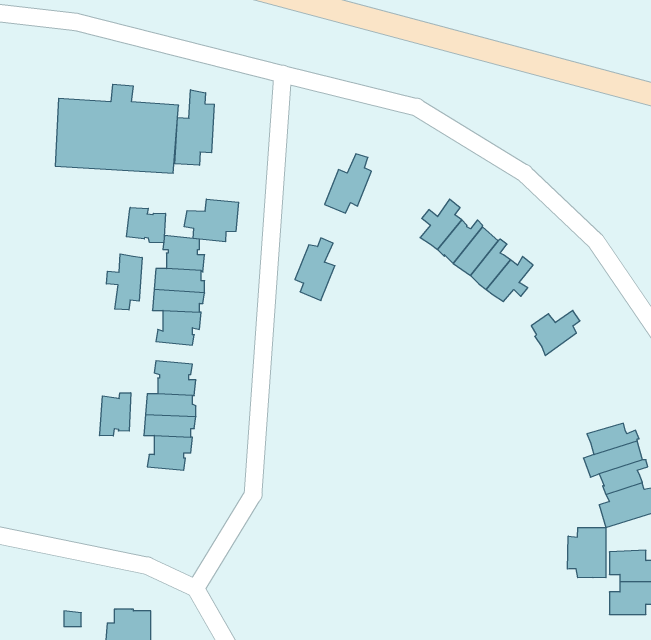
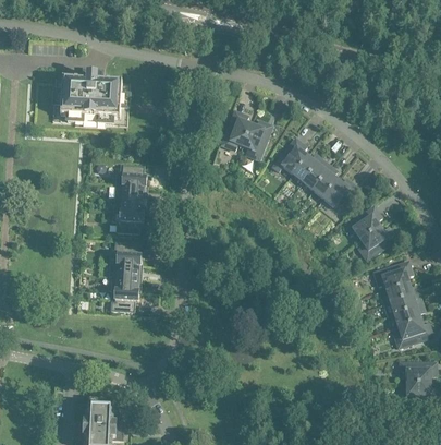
building: [175,90,214,165] -> none
building: [184,199,239,242] -> none
building: [126,207,165,243] -> none
building: [295,238,335,301] -> [242,119,267,158]
building: [106,254,142,310] -> none
building: none -> [357,225,392,258]
building: none -> [373,260,413,288]
building: [100,393,131,436] -> none
building: [567,528,606,578] -> none

